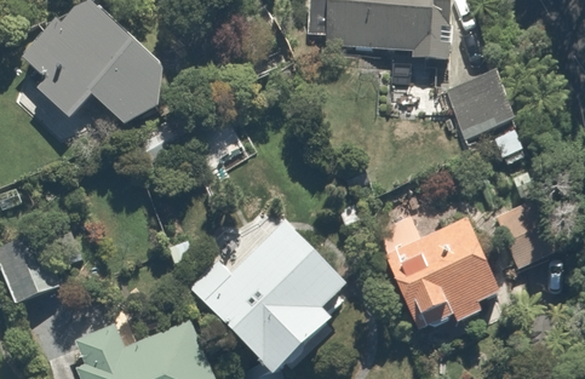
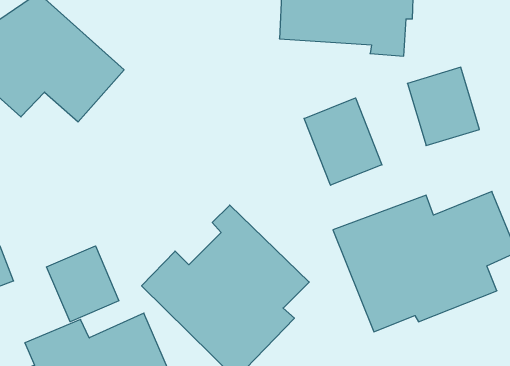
building: none -> [304,98,382,185]
building: none -> [47,246,119,322]

